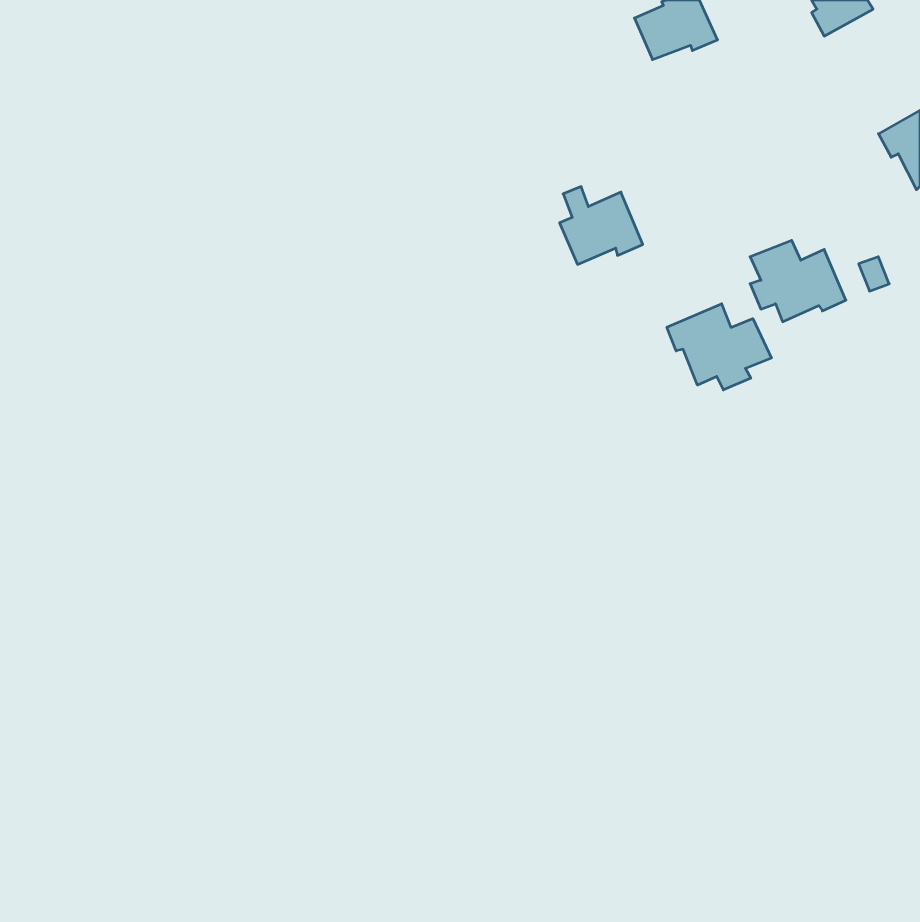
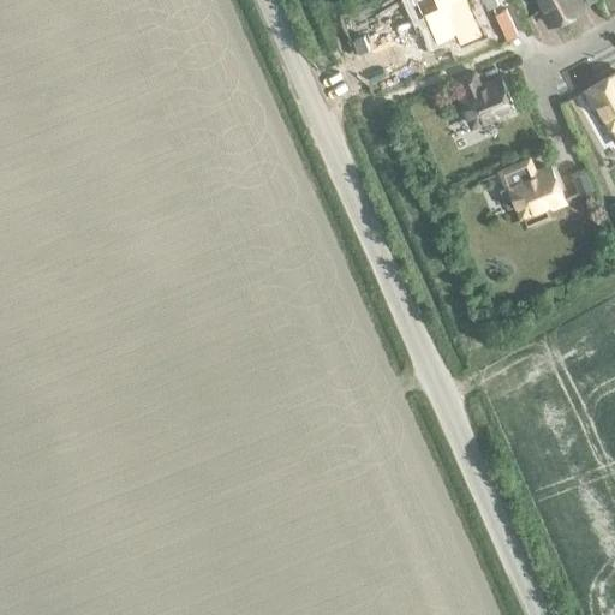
building: [560,187,643,264] -> [458,73,513,125]
building: [667,304,771,390] -> none

